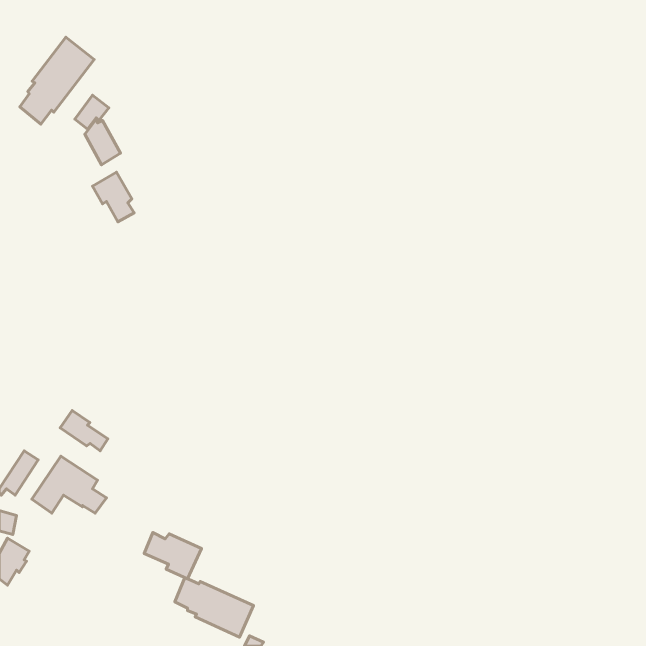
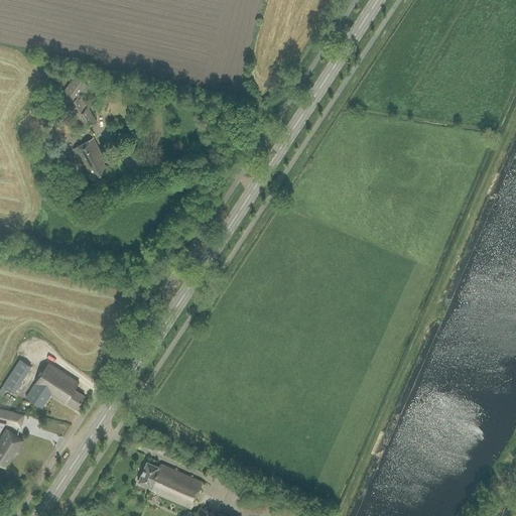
building: [20,37,94,124] -> none
building: [60,410,108,451] -> none
building: [144,533,201,579] -> none

